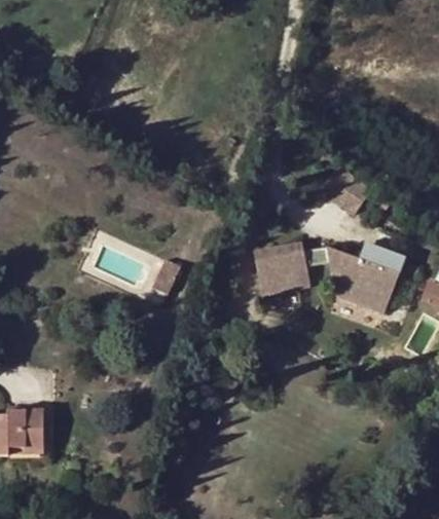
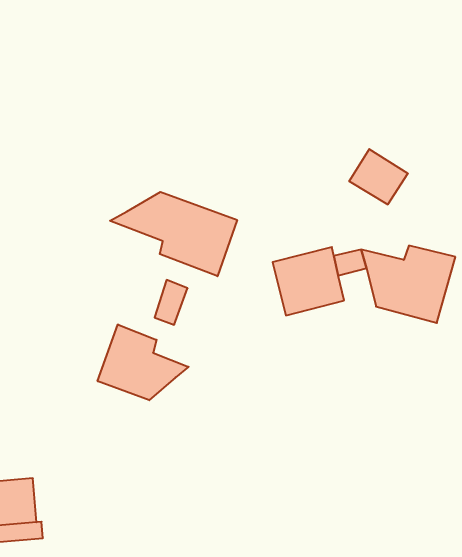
building: none -> [110,192,237,276]
building: none -> [98,324,189,400]

